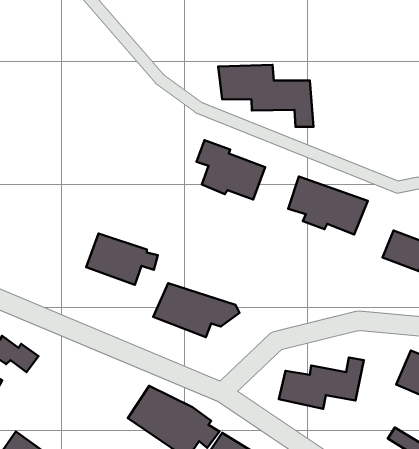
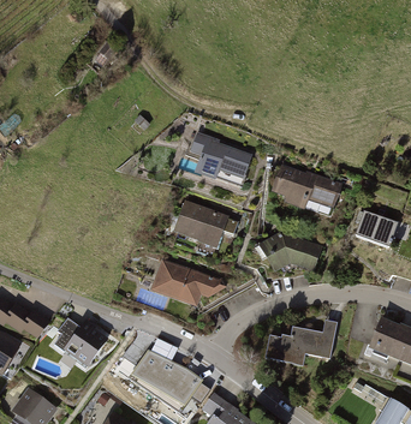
building: [218,65,313,127] -> none
building: [86,233,158,285] -> [173,201,237,246]
building: none -> [257,231,322,273]
building: none -> [54,316,106,366]

